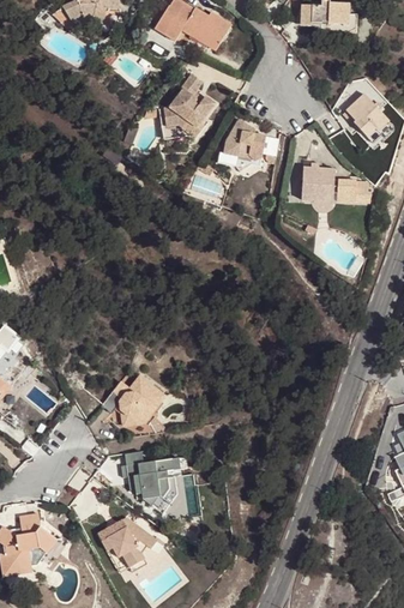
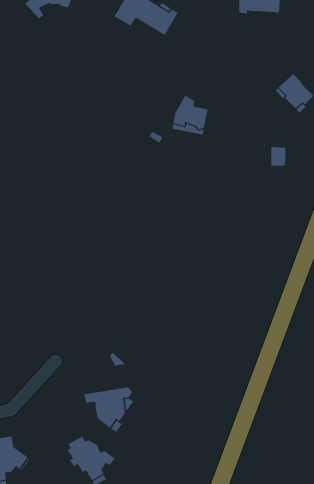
building: [161,76,215,139] -> none
building: [302,167,336,200] -> none
building: [102,374,167,425] -> none

